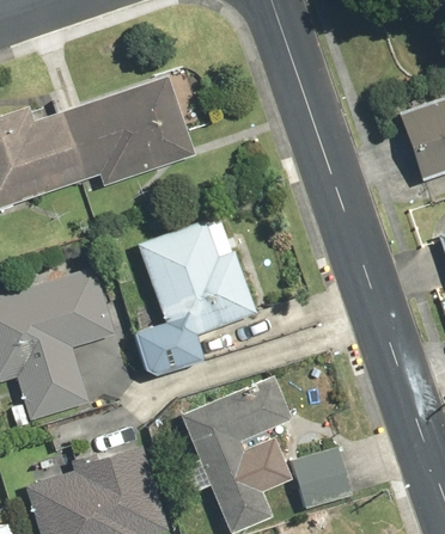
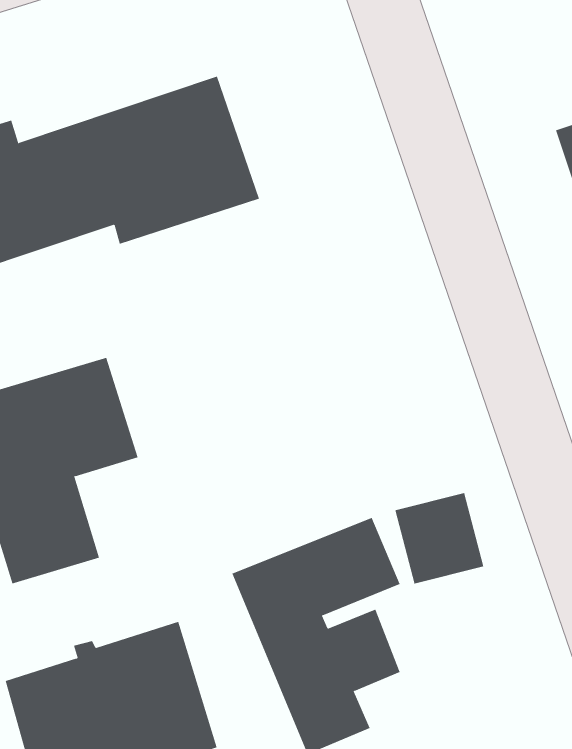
building: [133,219,257,374] -> none
building: [292,446,353,508] -> [395,493,484,584]

